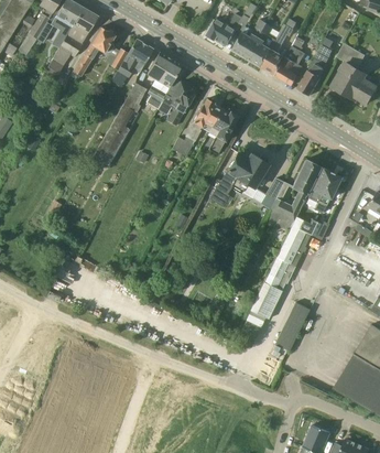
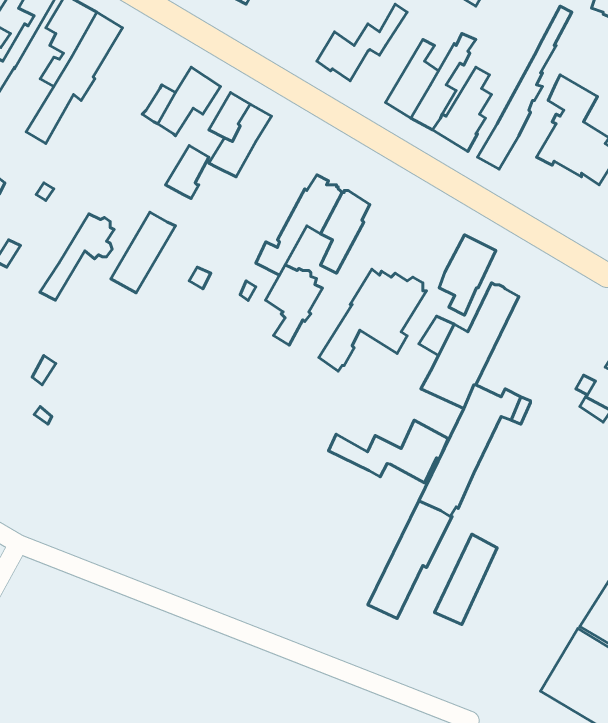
building: [232,20,267,58] -> none
building: [73,28,115,76] -> [40,214,114,300]
building: [162,80,194,126] -> [266,265,323,345]
building: [308,169,340,214] -> [439,235,496,315]
building: none -> [328,420,448,483]

